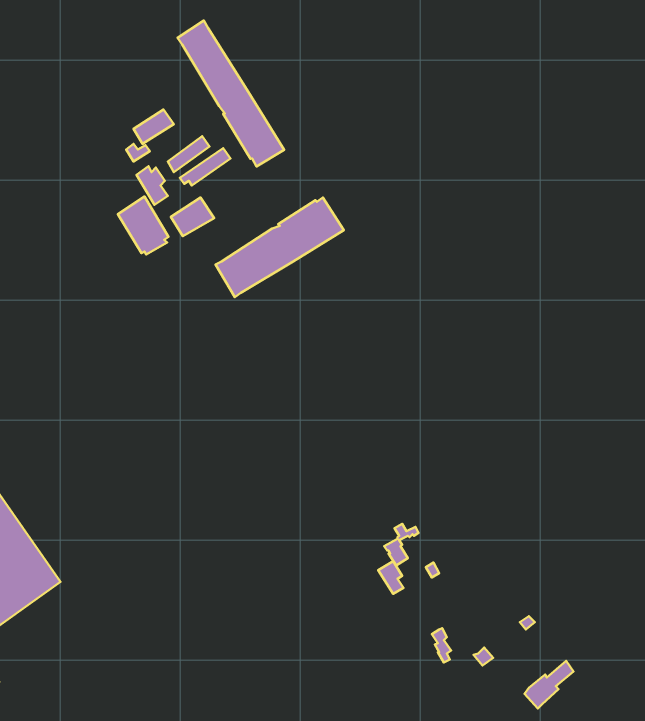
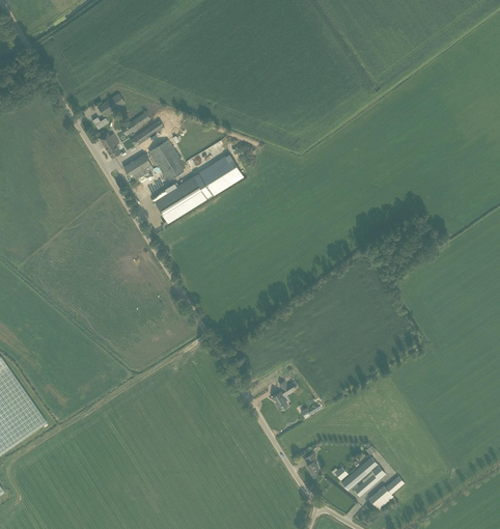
building: [177,20,284,166] -> none
building: [118,196,169,255] -> [148,139,184,179]
building: none -> [339,456,385,496]

